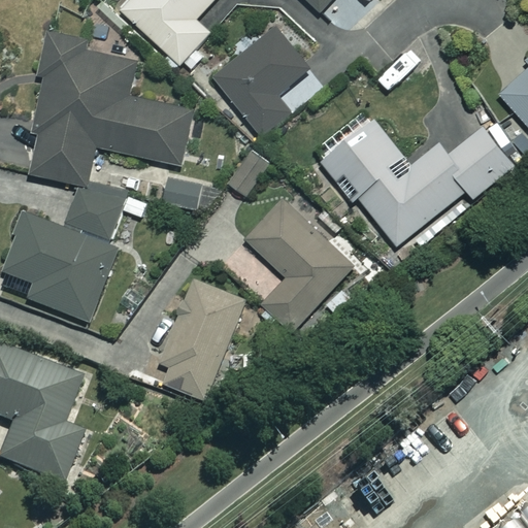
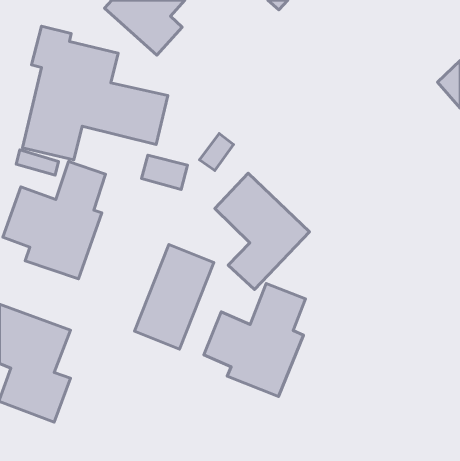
building: [213,25,310,136] -> none
building: [320,109,515,244] -> none
building: none -> [204,283,305,396]

